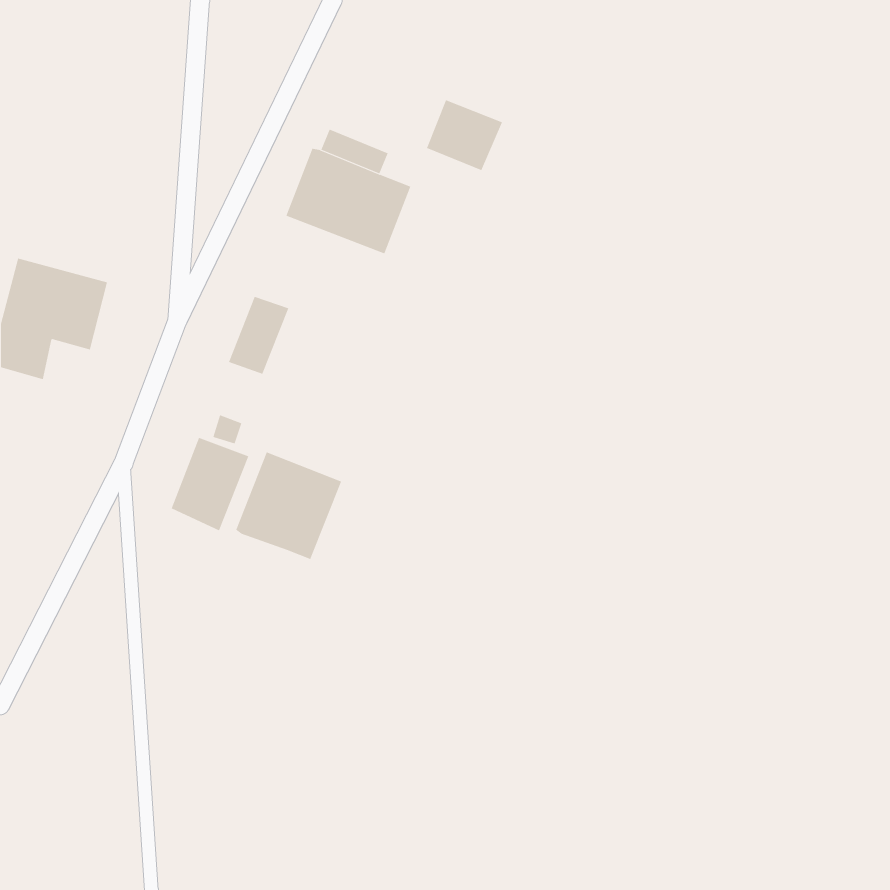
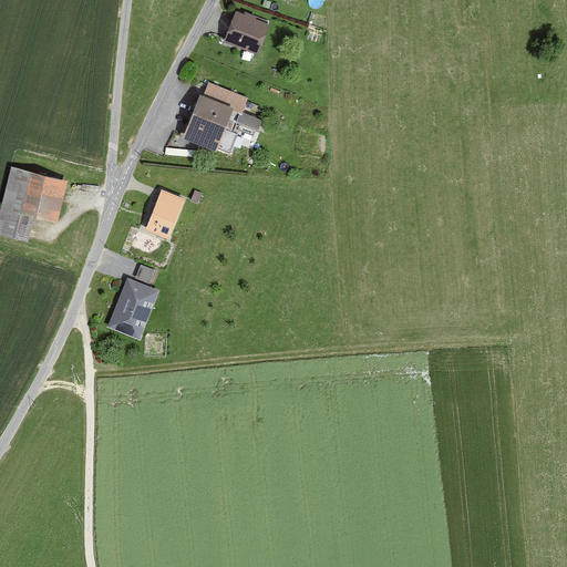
building: [426,99,503,171] -> [221,10,270,55]
building: [235,452,342,560] -> none

